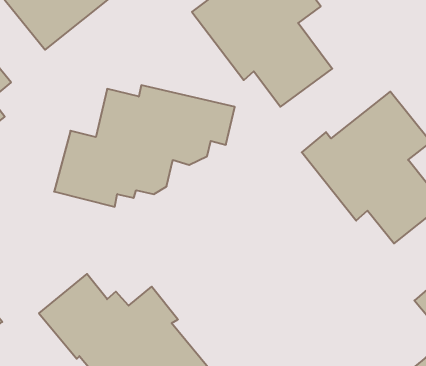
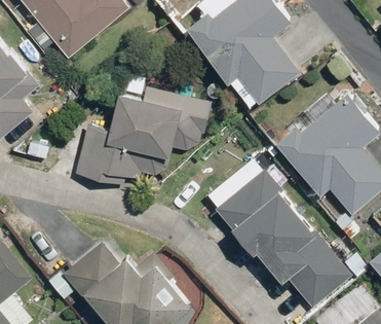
building: none -> [214,169,351,309]

